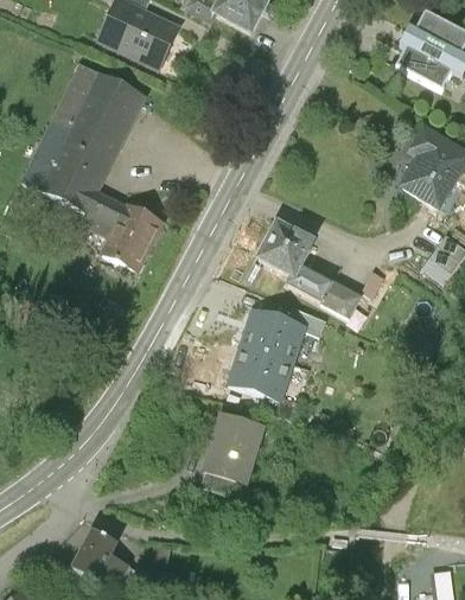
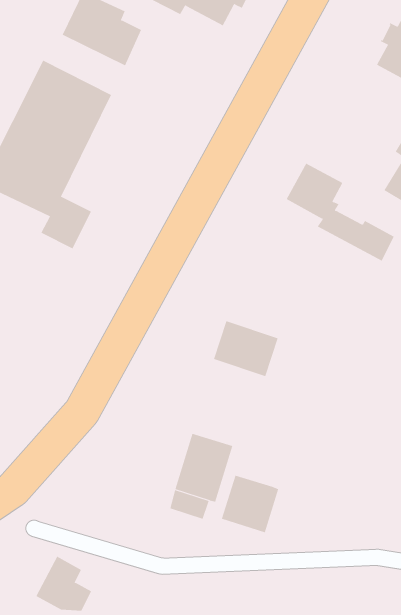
building: [102,204,160,268] -> none
building: [259,221,362,314] -> [286,163,395,262]
building: [230,344,292,397] -> none
building: none -> [221,475,279,533]

